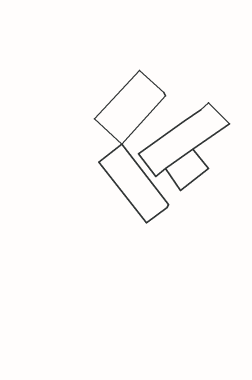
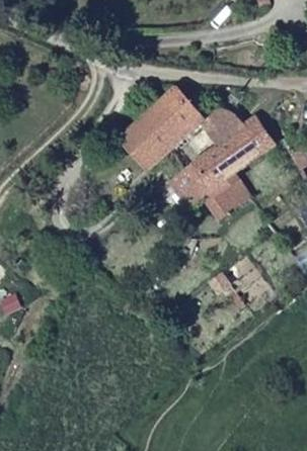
building: none -> [201,99,243,141]
building: [99,144,168,223] -> none

